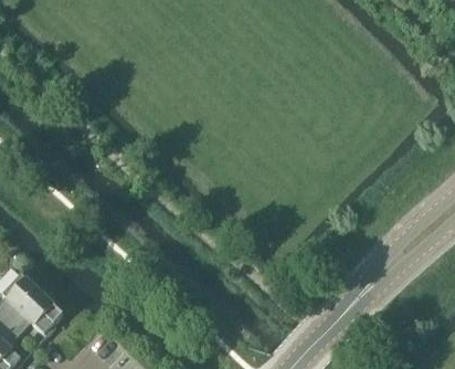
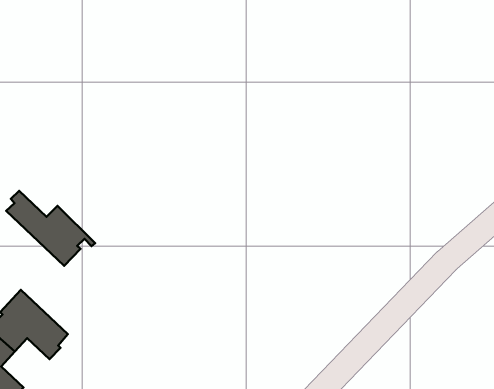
building: none -> [6,191,95,266]

